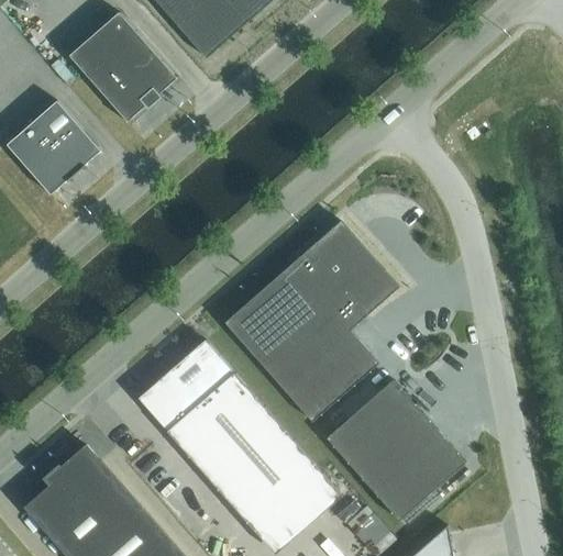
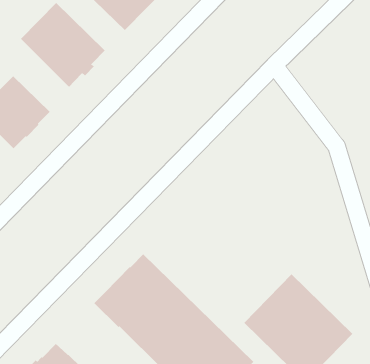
building: [225,221,399,421] -> none

